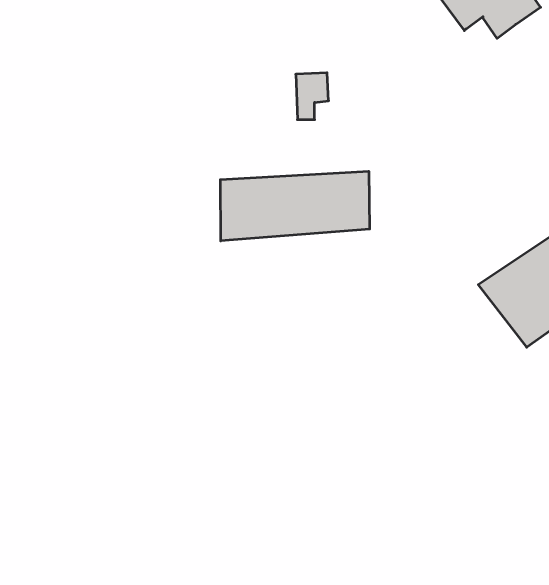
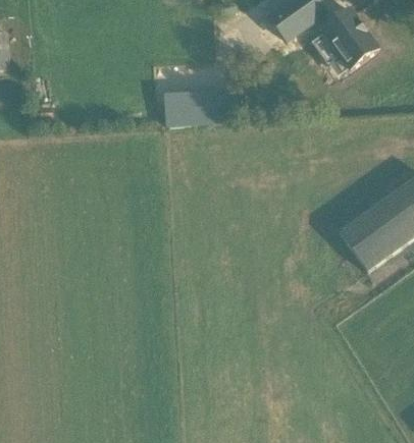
building: none -> [176,96,212,114]
building: [220,171,370,241] -> none

